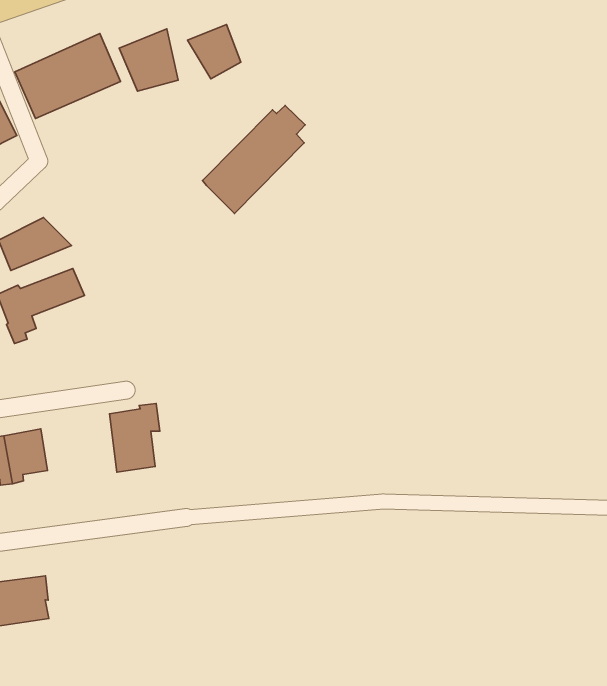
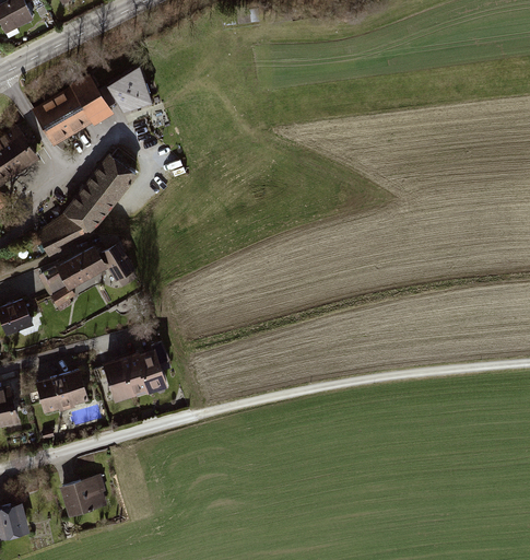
building: [188,25,241,79] -> none
building: [203,106,305,214] -> [61,150,131,233]
building: none -> [96,243,132,288]
building: none -> [104,351,142,400]

